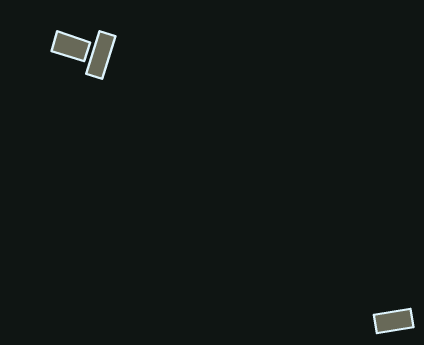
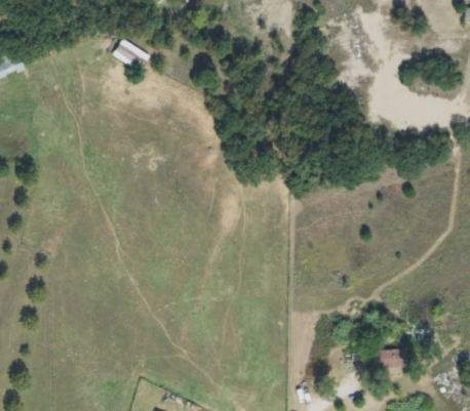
building: [86,31,115,79] -> none

